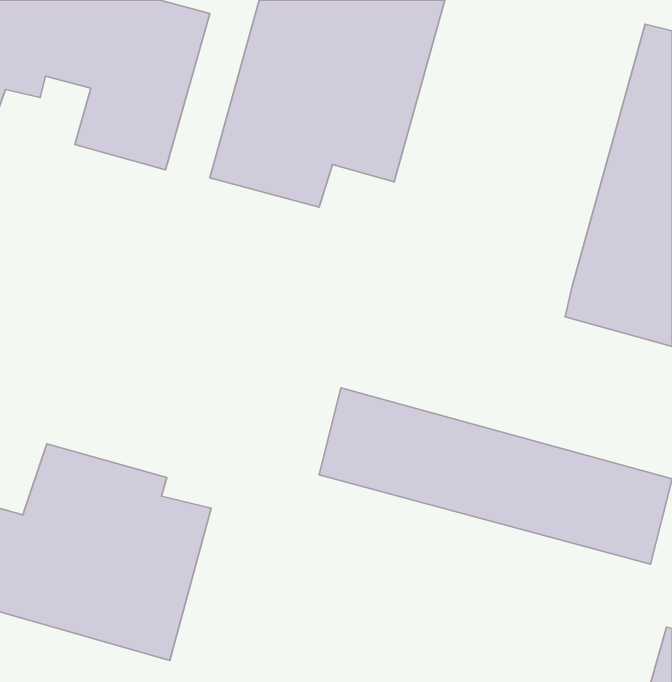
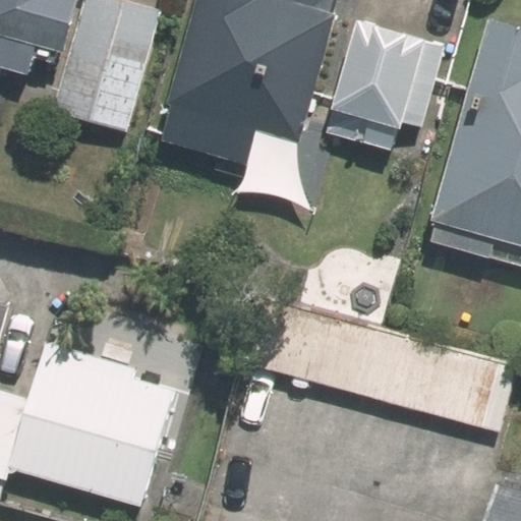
building: none -> [330,18,445,155]

